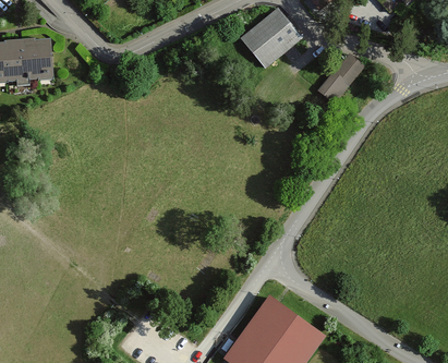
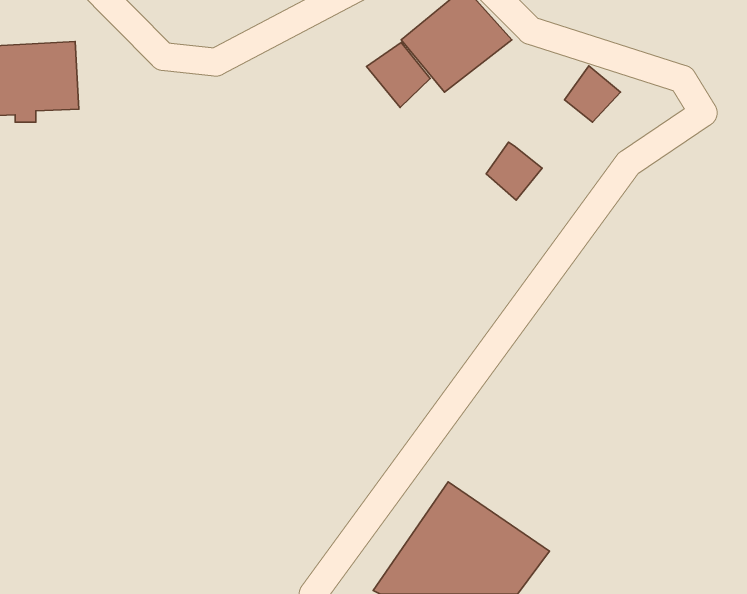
building: none -> [366,42,430,108]
building: [318,71,351,105] -> [486,142,542,200]

